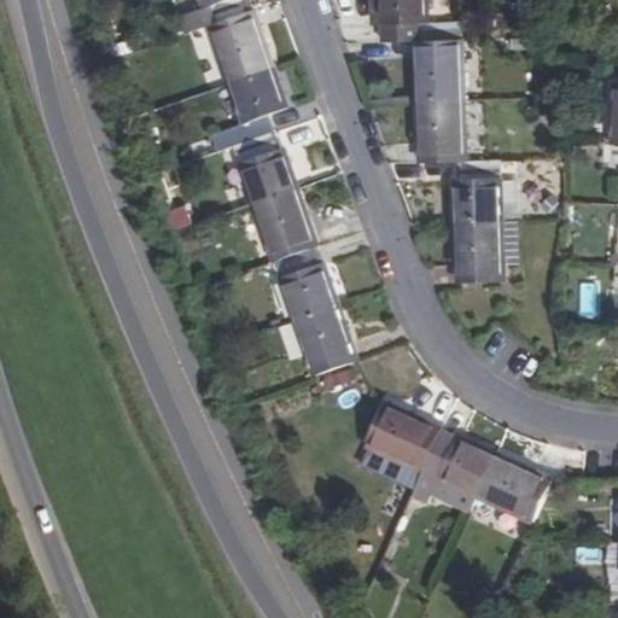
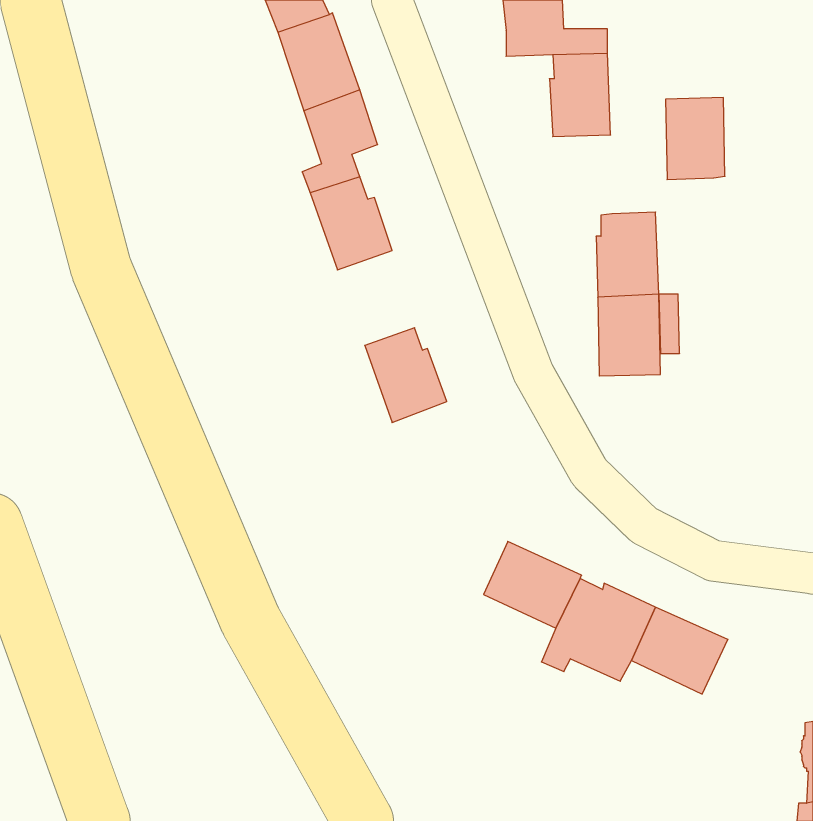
building: [415,101,460,163] -> [666,98,725,180]
building: [253,188,316,260] -> none
building: [295,302,356,374] -> none

